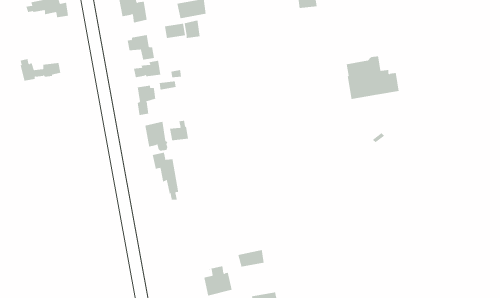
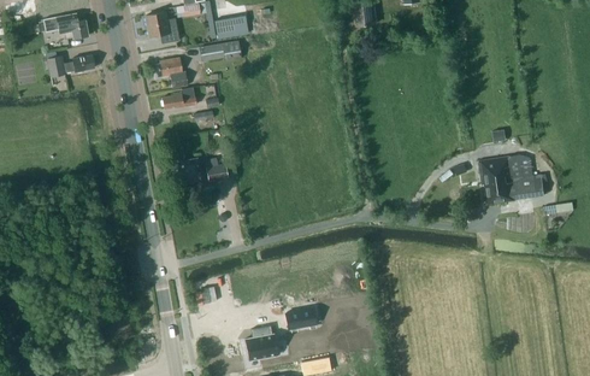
building: [346,56,400,99] -> [482,154,544,205]
building: [20,58,61,81] -> [46,51,94,77]
building: [137,85,156,116] -> none
building: [152,152,179,200] -> none

